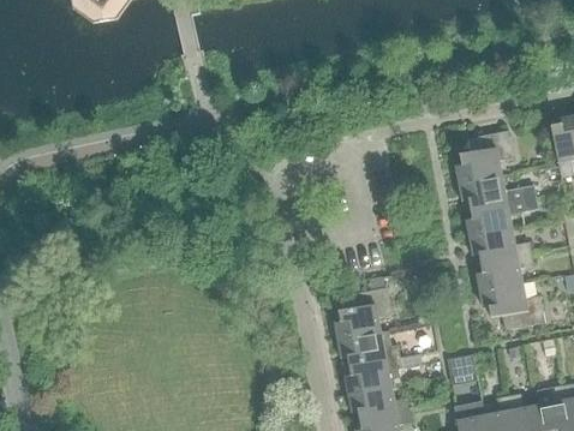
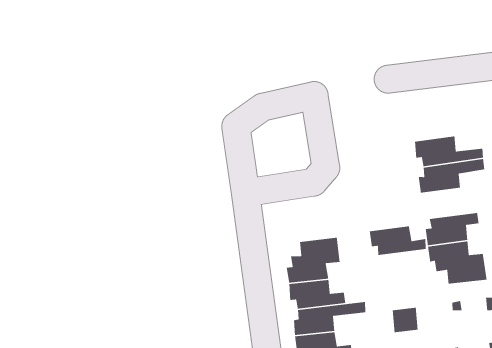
building: [455,128,512,181] -> none
building: [468,227,530,261] -> [369,225,427,256]

